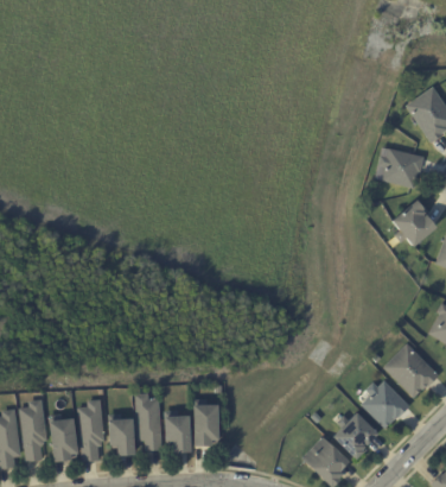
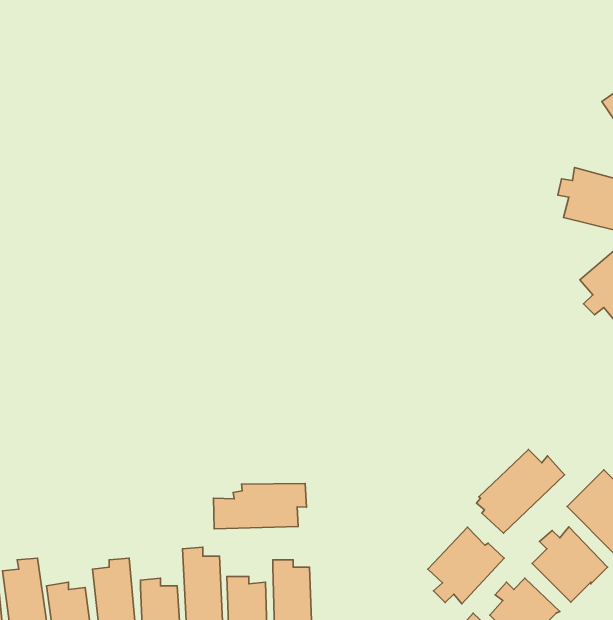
building: none -> [476,449,565,533]
building: none -> [213,483,307,529]
building: none -> [428,527,504,604]

